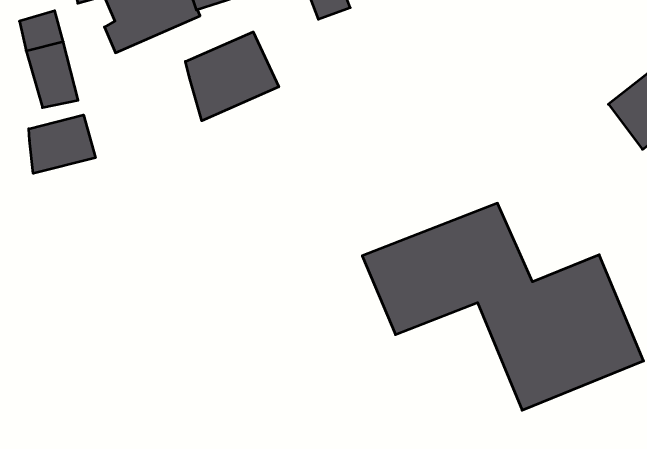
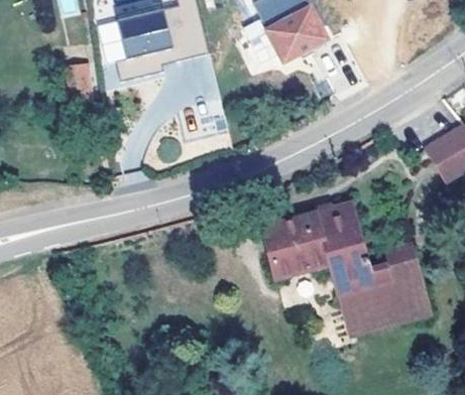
building: [185,32,279,121] -> none
building: [29,115,95,173] -> none

